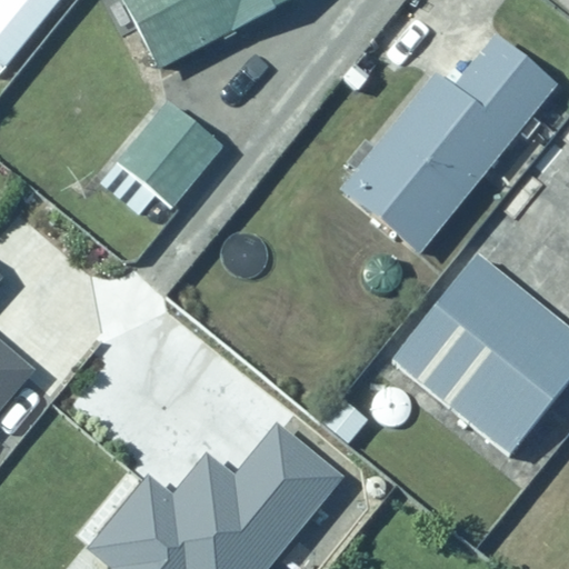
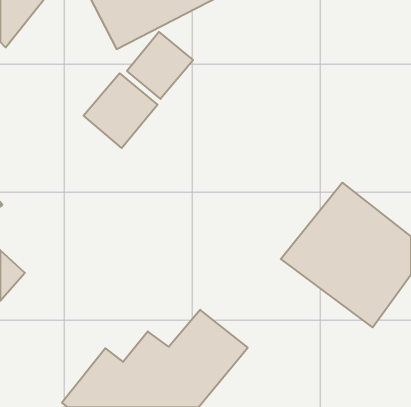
building: [341,37,556,251] -> none
building: none -> [127,32,193,99]

